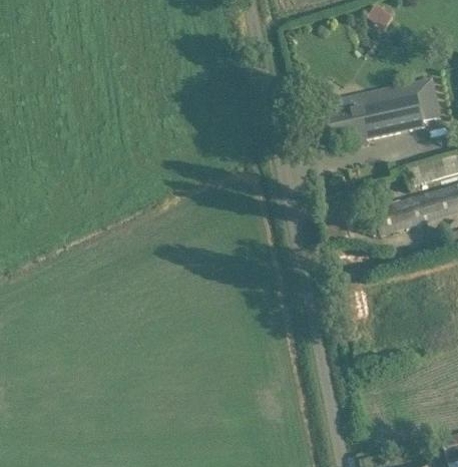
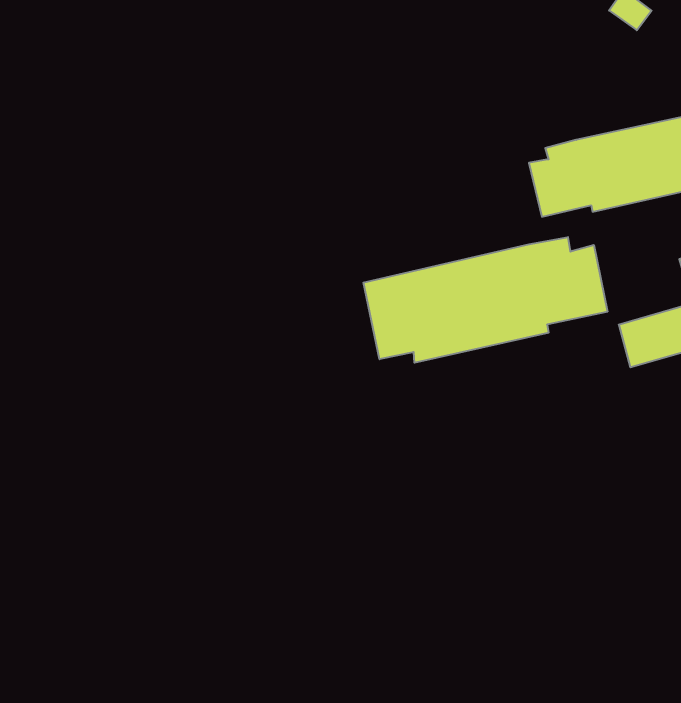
building: none -> [363,237,607,363]

